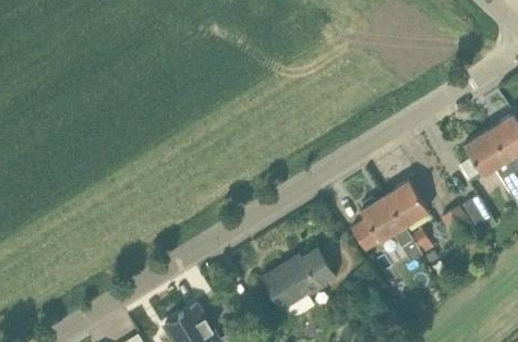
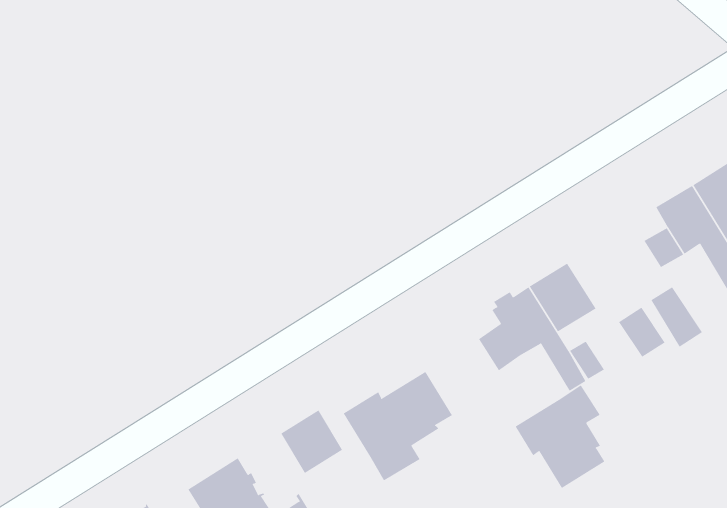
building: none -> [515,385,605,489]
building: none -> [280,410,343,474]

